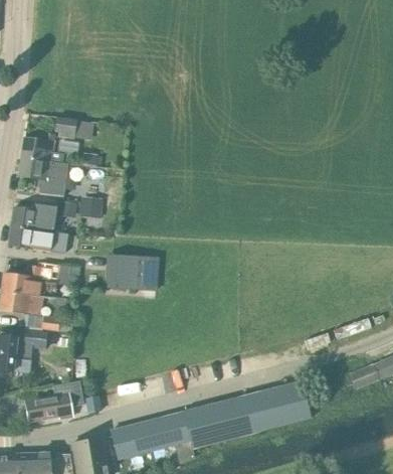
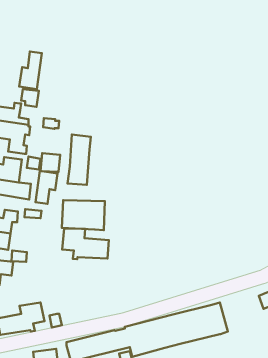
building: none -> [19,52,42,89]
building: none -> [68,134,91,185]
building: none -> [35,171,58,204]
building: none -> [62,228,109,259]

